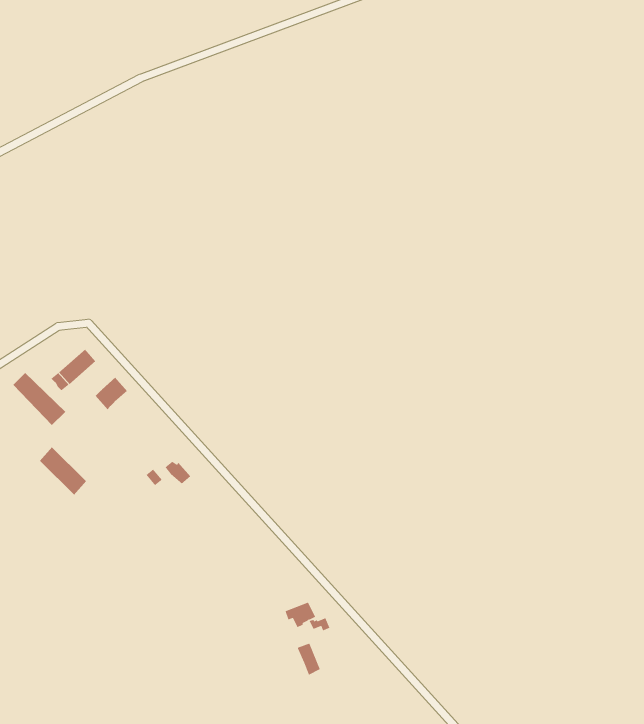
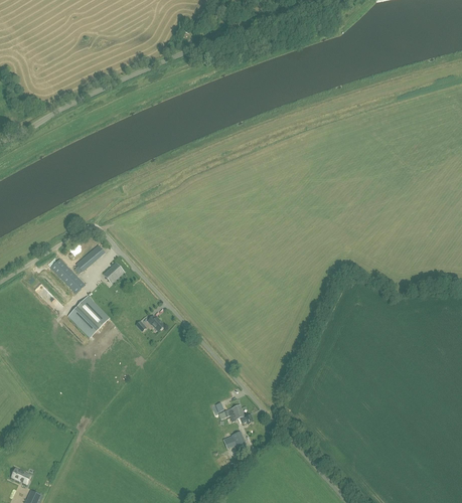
building: none -> [75,295,109,328]

